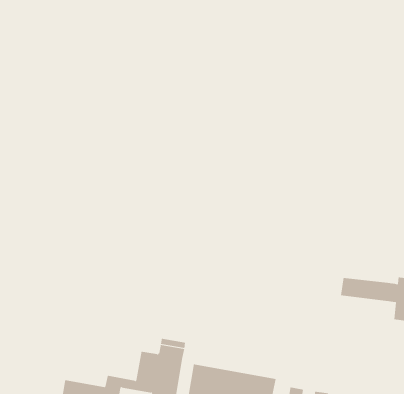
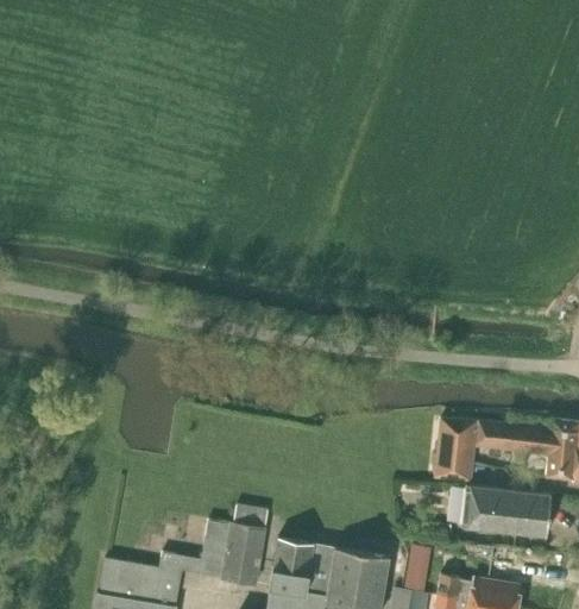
building: none -> [435,419,477,482]
building: none -> [462,486,552,536]

